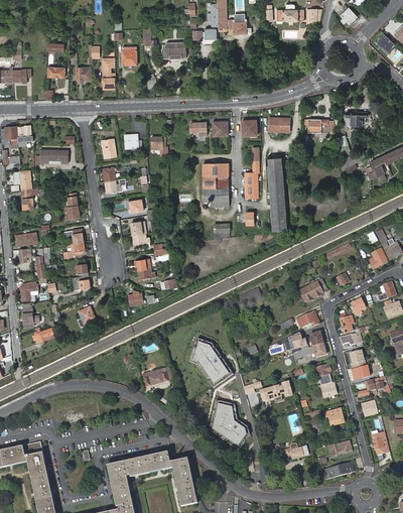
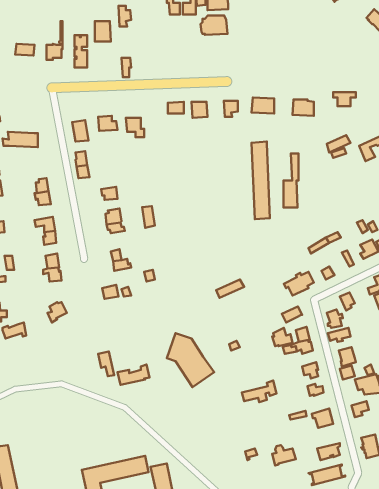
building: [160,40,185,58] -> [200,16,227,35]
building: [245,147,259,198] -> [283,154,298,207]
building: [203,163,229,208] -> none
building: [209,400,250,451] -> none

